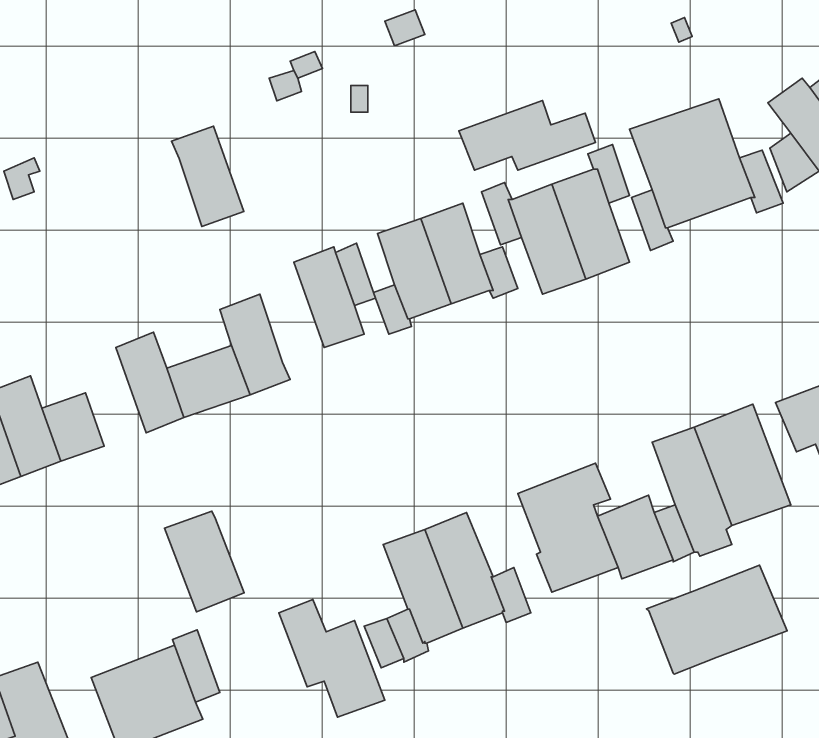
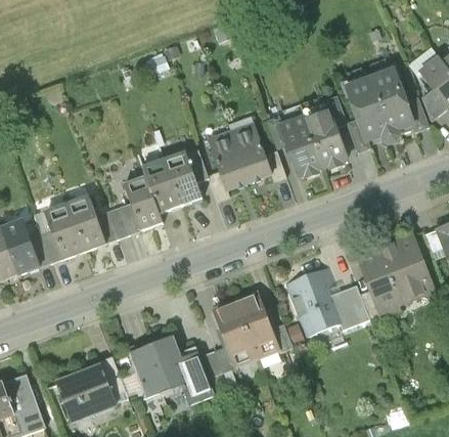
building: [459,101,595,170] -> none
building: [172,126,244,227] -> [142,158,181,212]
building: none -> [46,204,85,257]
building: [164,511,244,612] -> [129,343,172,397]
building: [646,565,787,674] -> none

